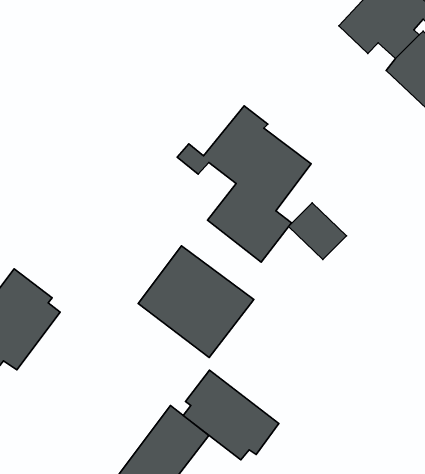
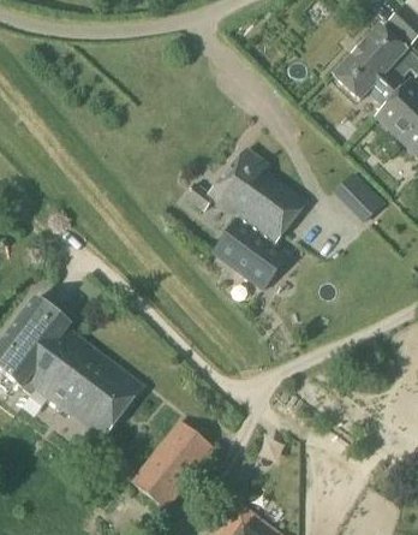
building: [289,203,346,259] -> [330,171,383,222]
building: [138,246,254,357] -> [37,335,143,438]
building: [183,370,279,460] -> none

